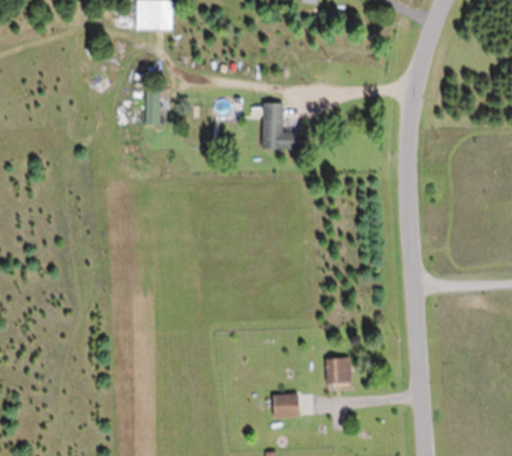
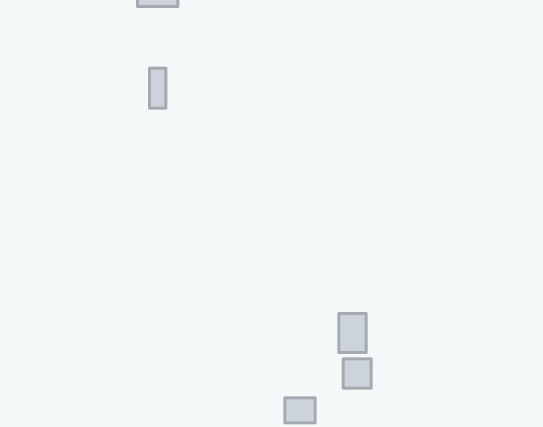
building: [263,102,300,150] -> none
building: none -> [339,313,366,352]

